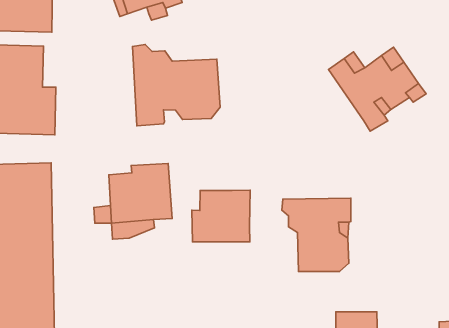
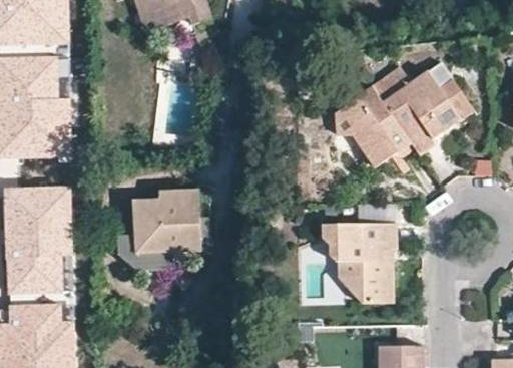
building: [133,44,220,126] -> none
building: none -> [333,86,408,166]
building: [192,190,250,242] -> none

